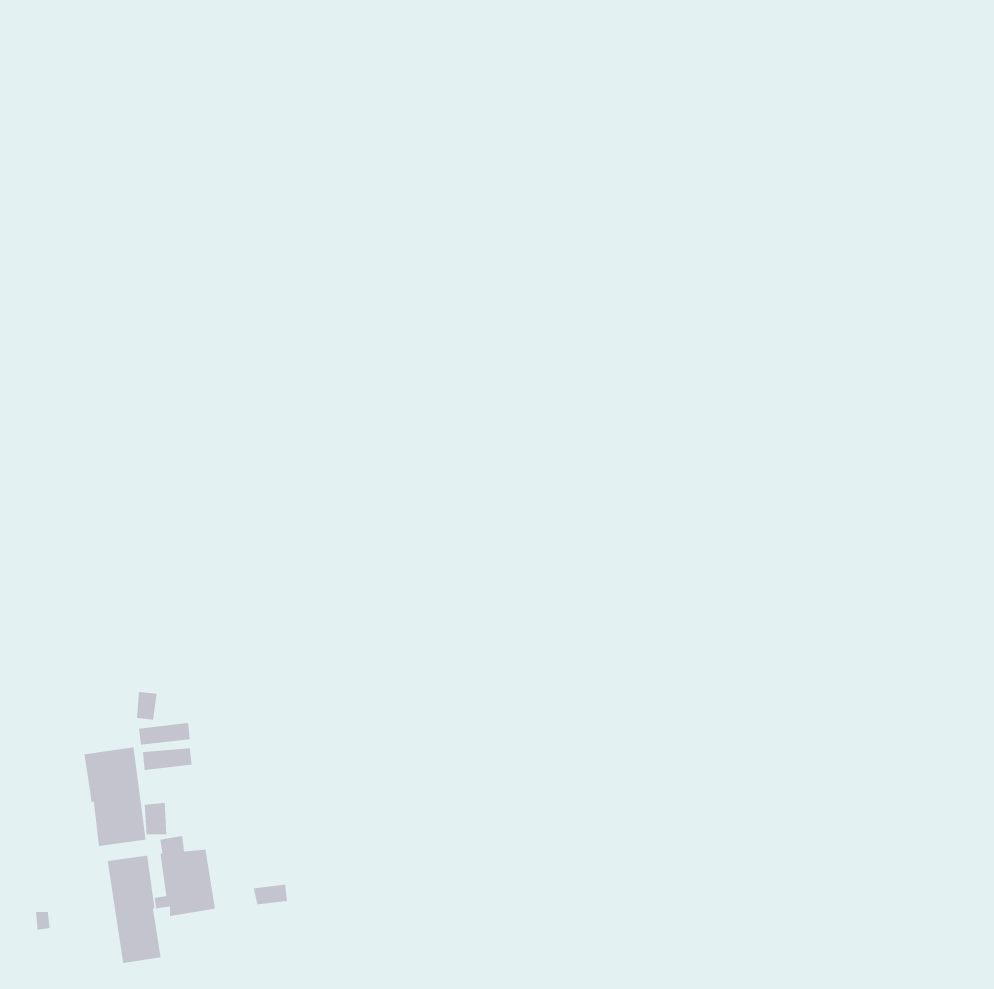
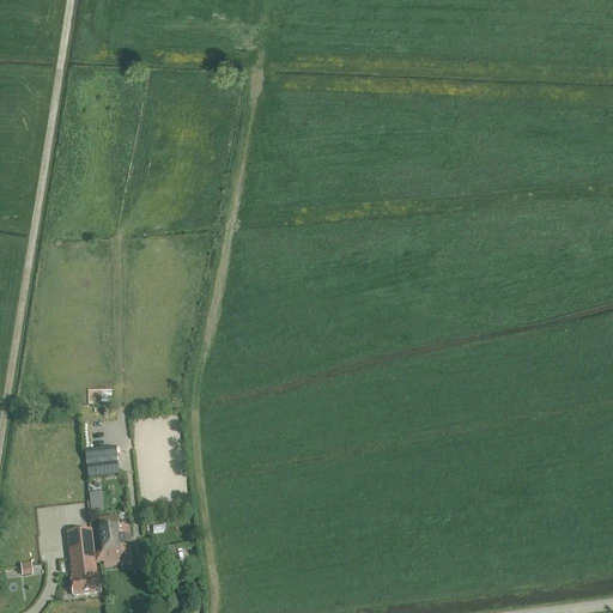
building: [84,747,147,847] -> none

